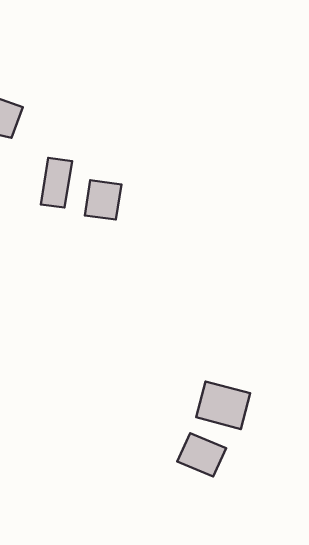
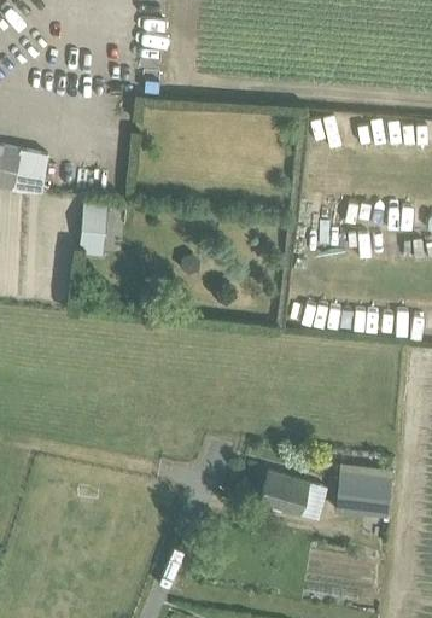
building: [85,180,121,219] -> none
building: [196,381,250,429] -> [337,473,390,518]

